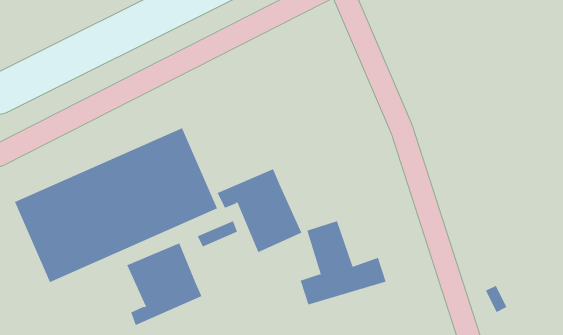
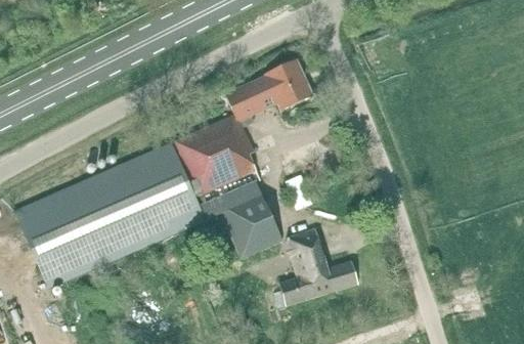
building: none -> [175,59,312,194]
building: [126,243,202,326] -> none

